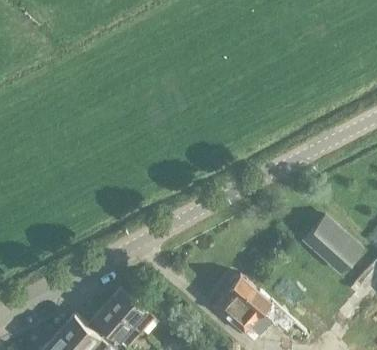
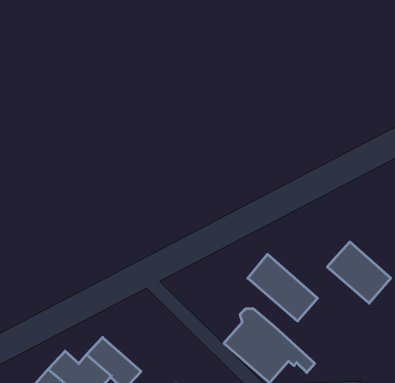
building: none -> [248,254,318,321]
building: [108,286,156,332] -> none

